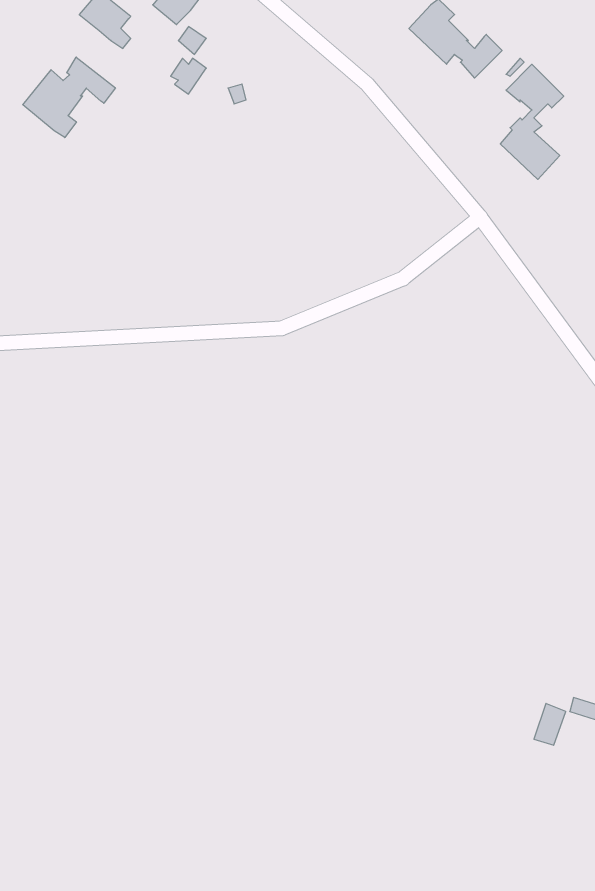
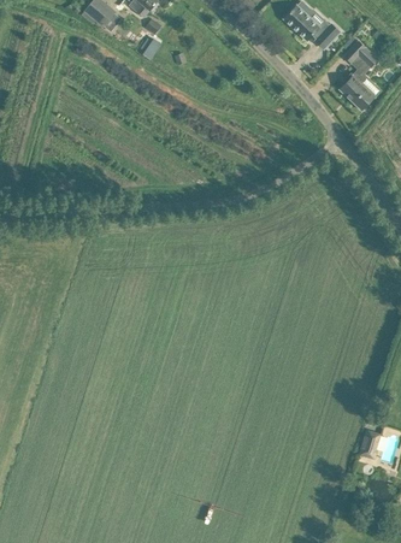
building: [23,57,115,138] -> none

